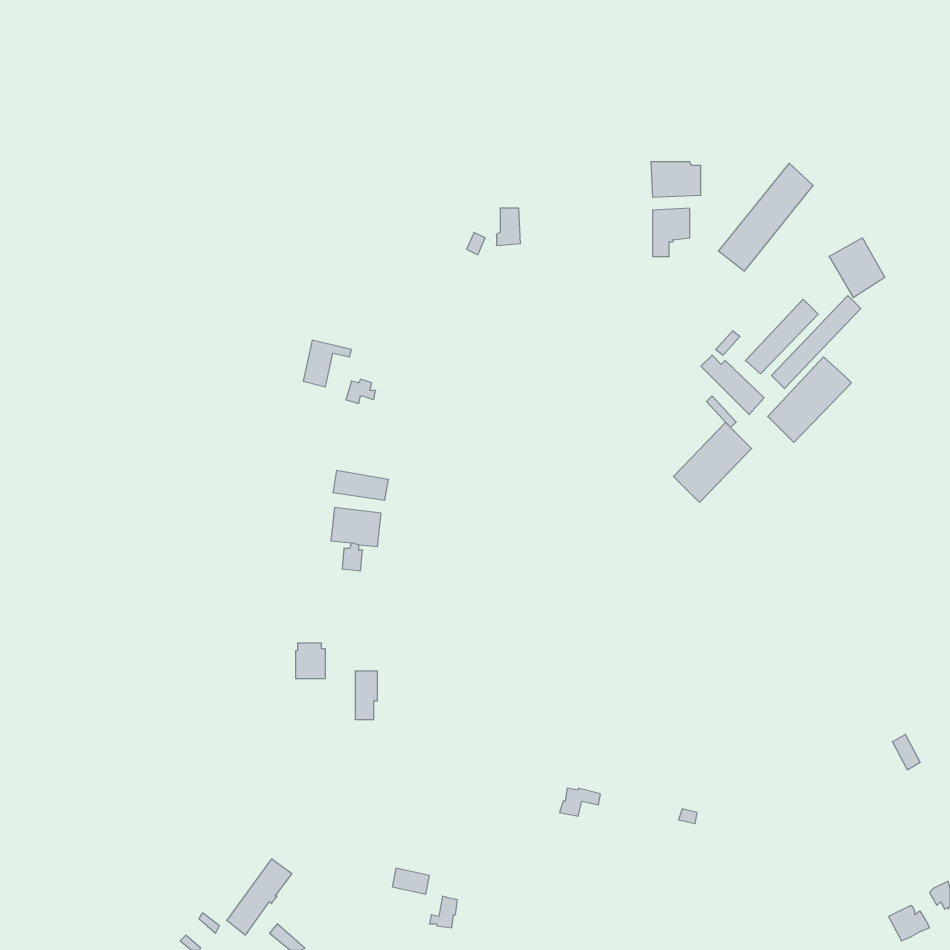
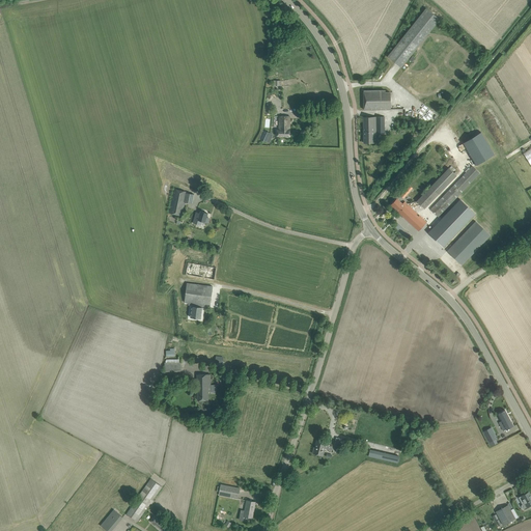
building: [718,163,813,271] -> [387,7,440,67]
building: [673,422,752,502] -> [447,221,491,266]

